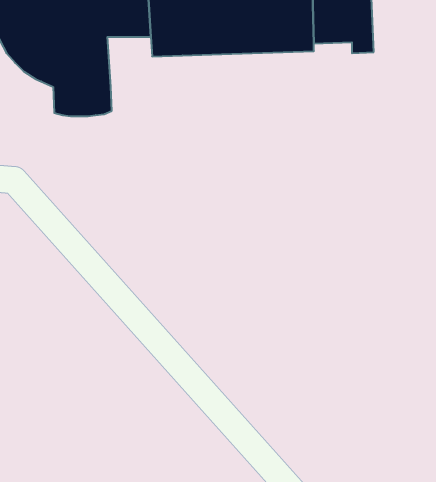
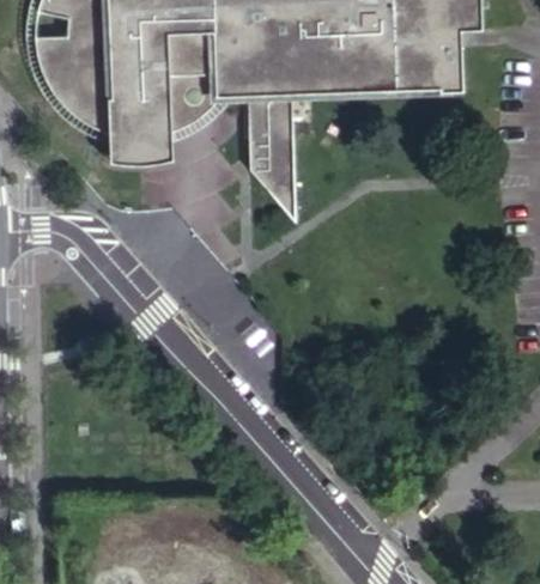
building: none -> [166,75,216,130]
building: none -> [249,95,297,223]

